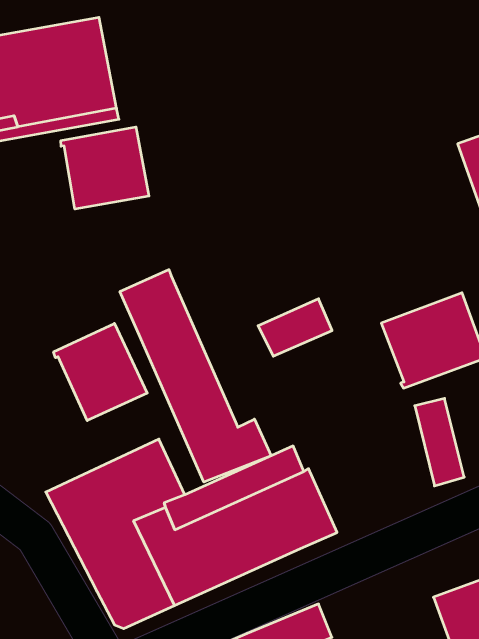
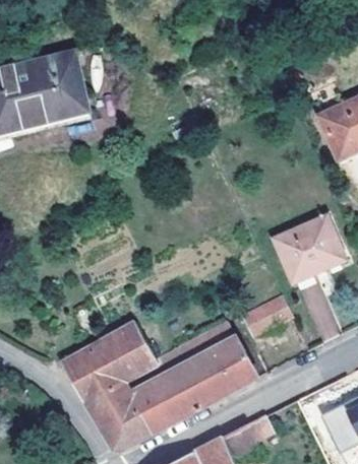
building: [61,127,149,209] -> none
building: [120,270,271,482] -> none
building: [258,299,332,356] -> [243,292,292,332]
building: [54,323,147,421] -> none

